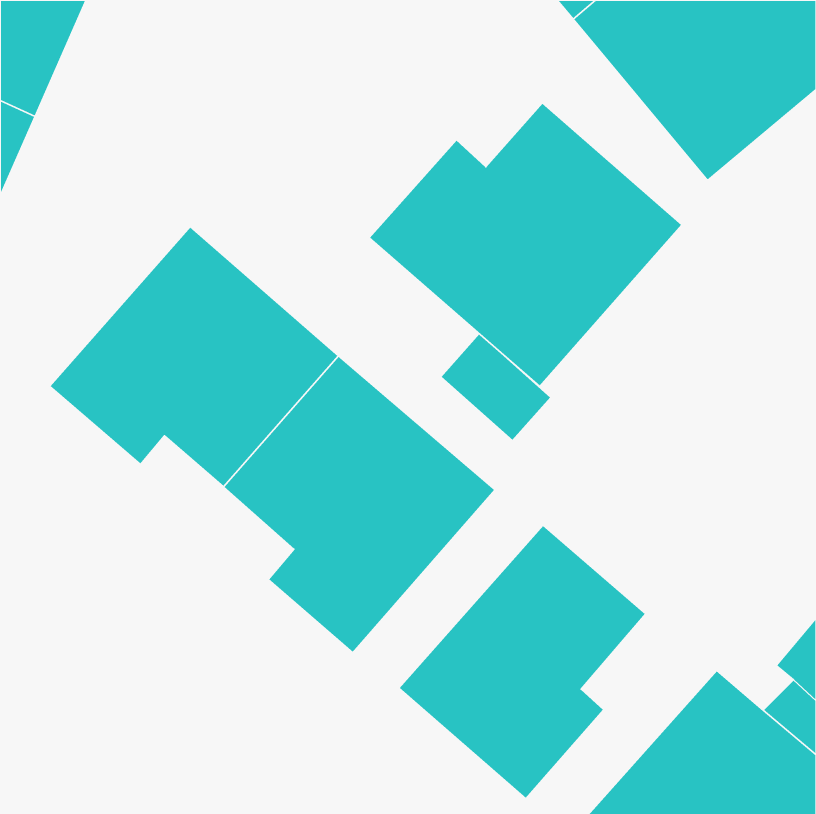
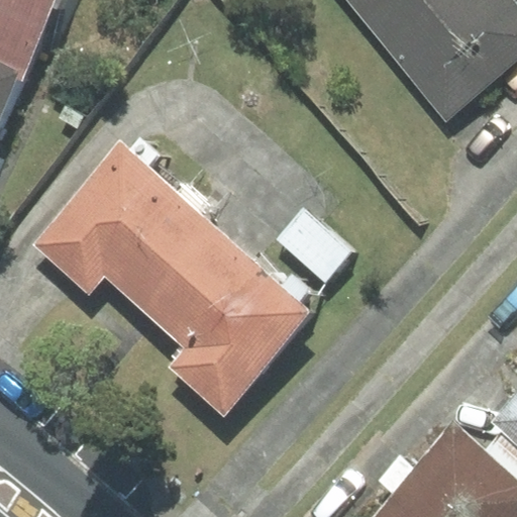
building: [369,103,682,387] -> none
building: [399,525,646,799] -> none

